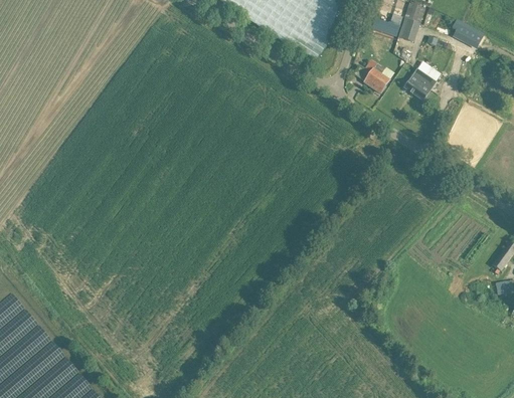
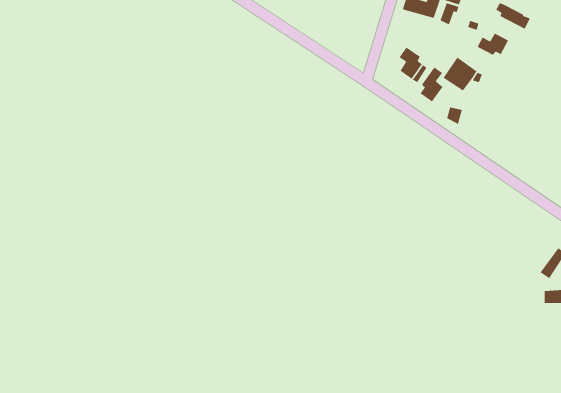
building: none -> [476,33,509,56]
building: none -> [420,66,443,102]

